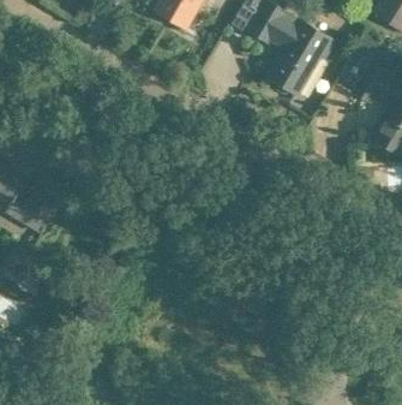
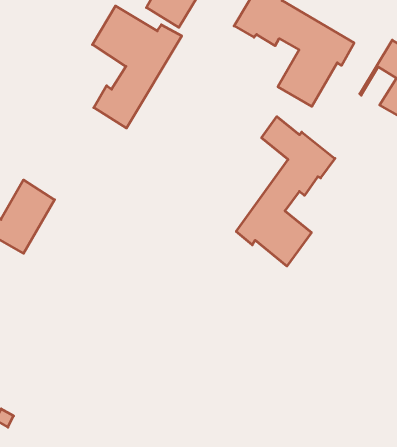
building: none -> [92,6,182,128]
building: none -> [236,117,335,266]

